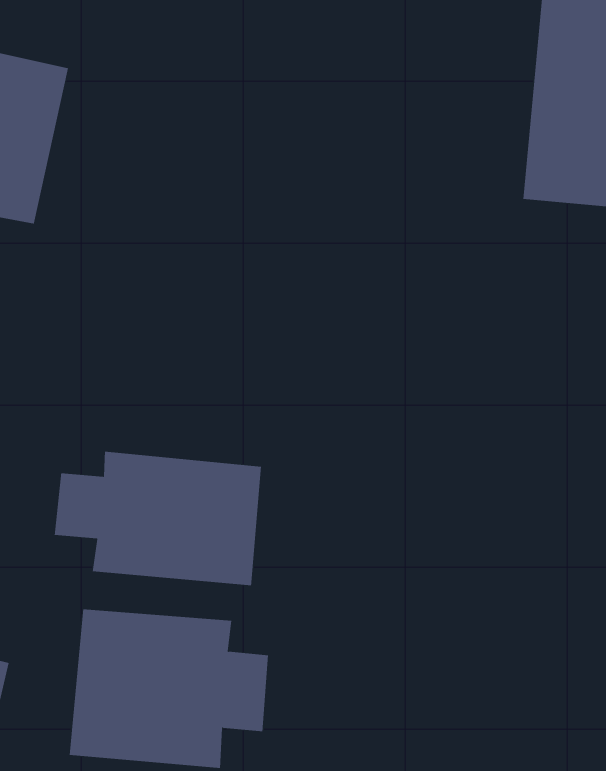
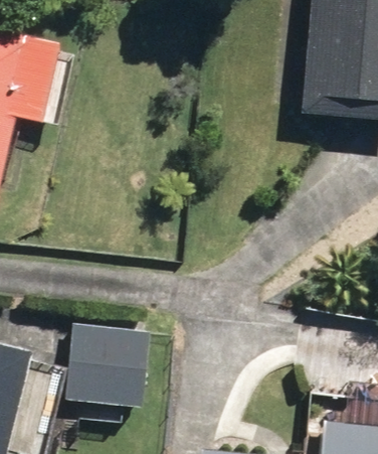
building: [54,451,262,586] -> none

